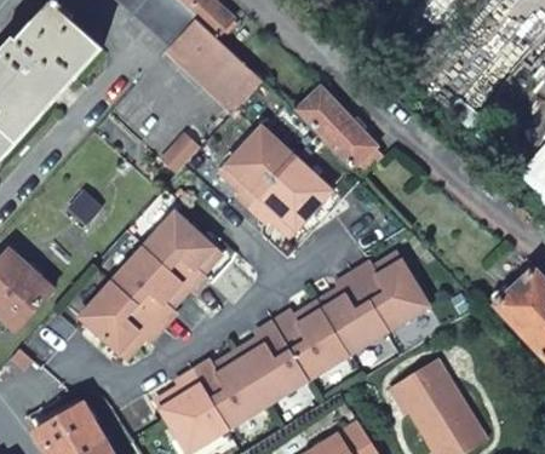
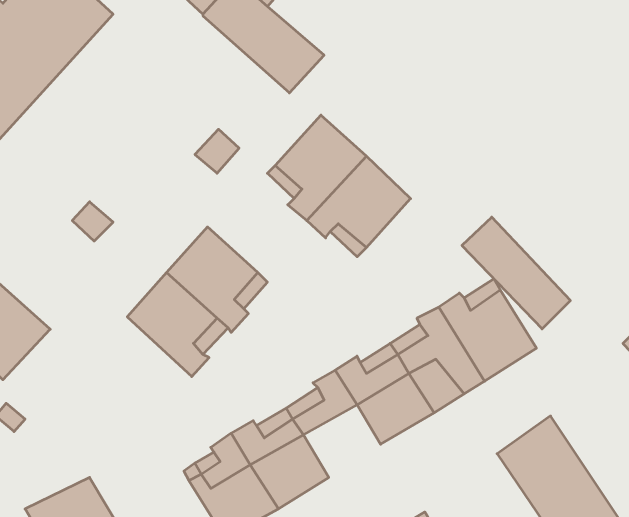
building: [296,87,379,173] -> [462,217,570,329]
building: [79,281,161,357] -> none
building: [247,349,306,404] -> none

